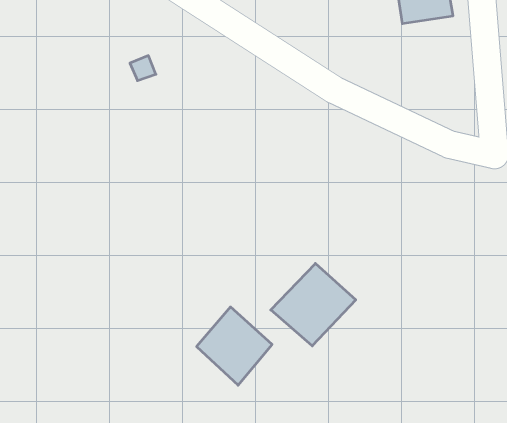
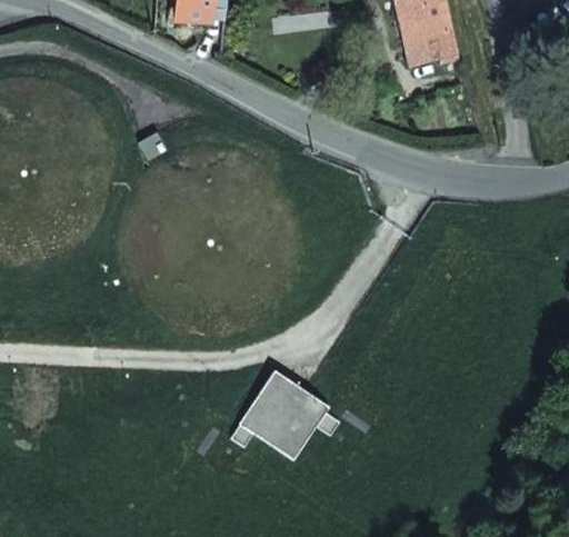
building: [271,263,356,346] -> none

